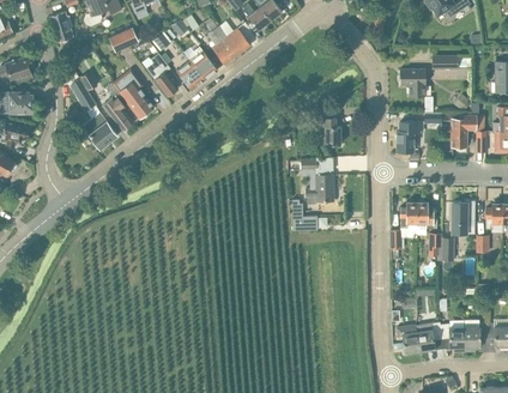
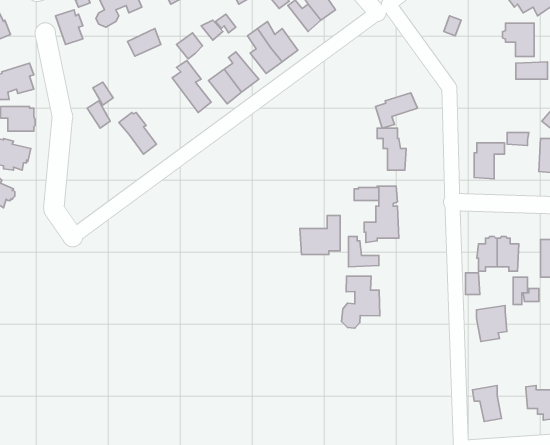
building: [398,69,424,97] -> [502,23,534,57]
building: [119,80,153,119] -> none
building: none -> [375,93,418,128]
building: [83,111,117,149] -> none
building: none -> [300,215,340,254]
building: none -> [341,276,380,328]
building: [416,321,441,351] -> [476,305,507,342]

